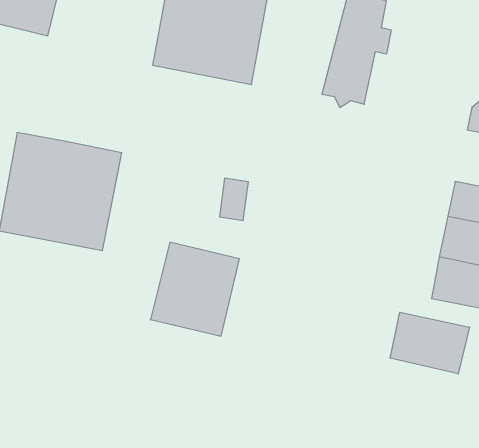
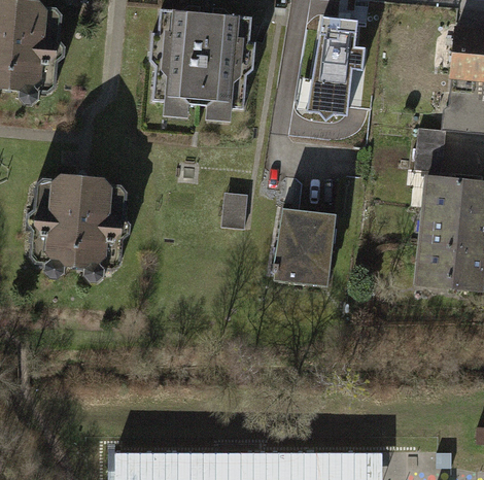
building: none -> [418,133,446,174]
building: [150,242,239,336] -> [266,202,340,281]
building: [390,312,470,374] -> none

